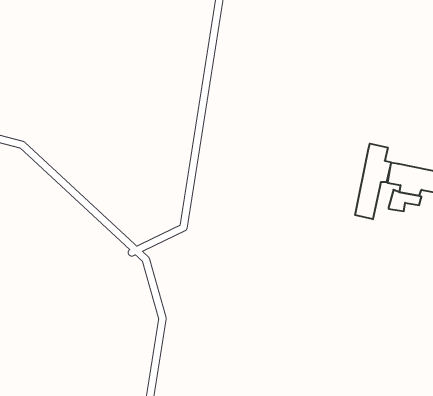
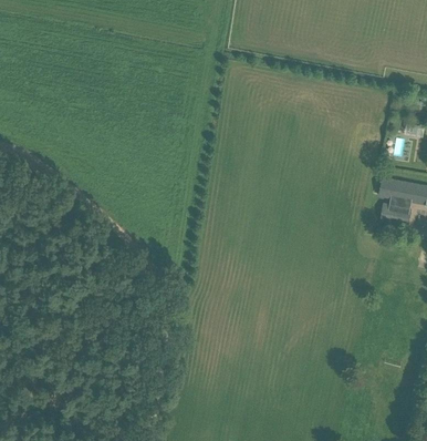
building: [355,144,391,219] -> none

